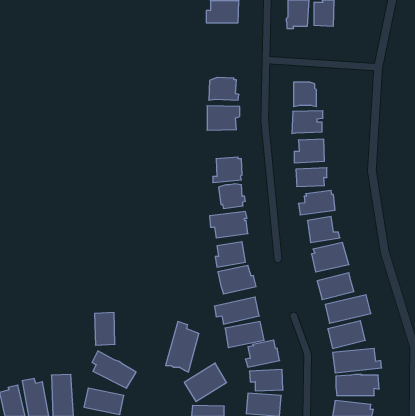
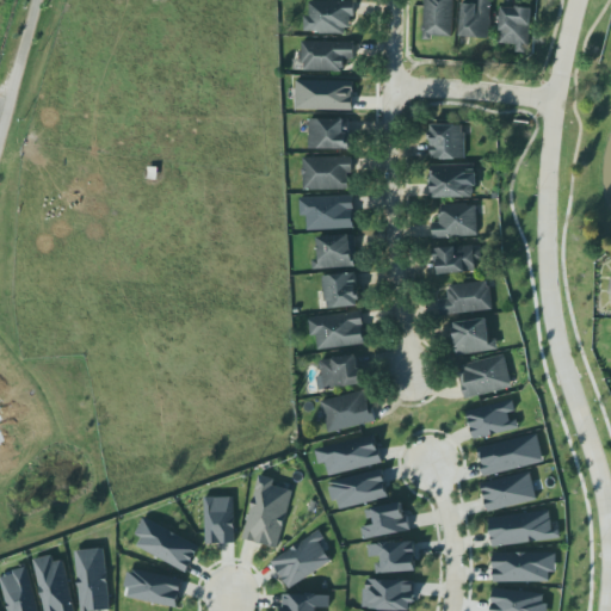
building: none -> [495,8,530,56]
building: none -> [298,42,354,74]
building: none -> [294,80,352,111]
building: none -> [298,196,352,230]
building: [95,313,115,345] -> [203,496,233,544]

